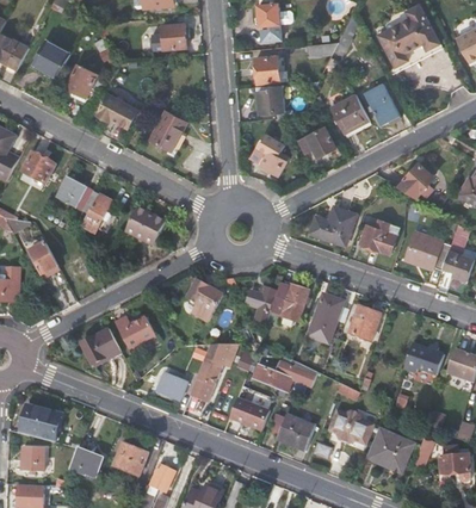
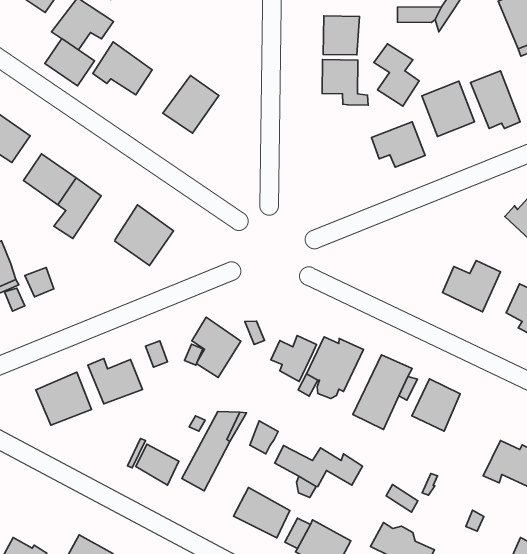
building: none -> [45,39,95,86]
building: [256,132,290,175] -> [374,44,419,106]
building: [309,205,358,246] -> none

